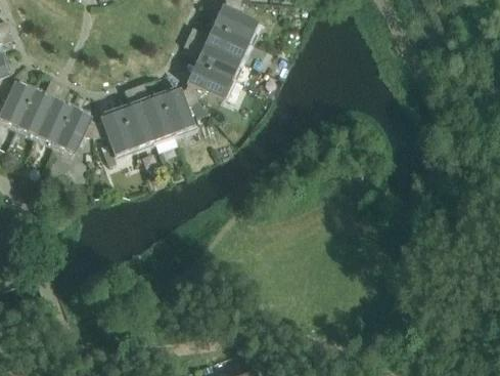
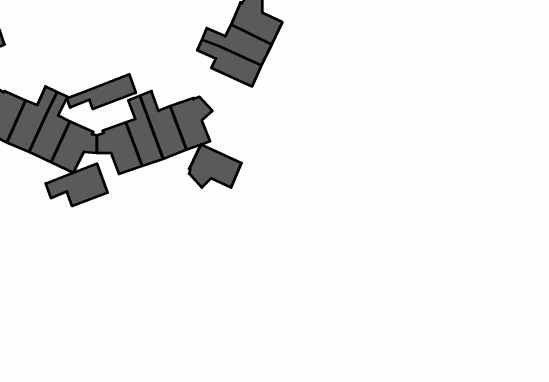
building: [185,61,231,99] -> [189,144,242,188]
building: none -> [67,74,136,109]
building: none -> [46,164,108,206]

